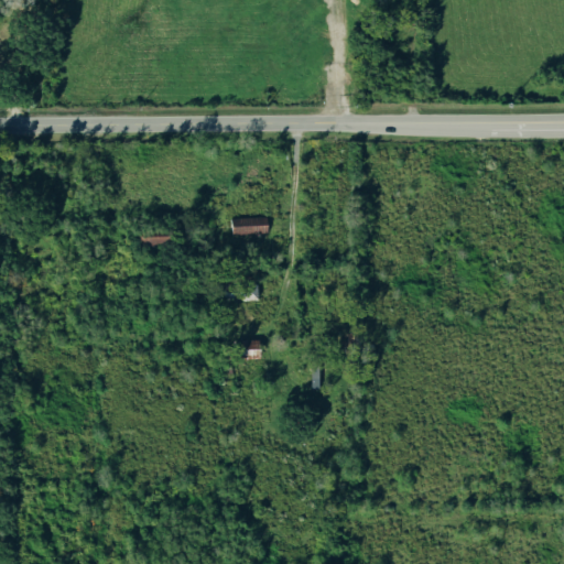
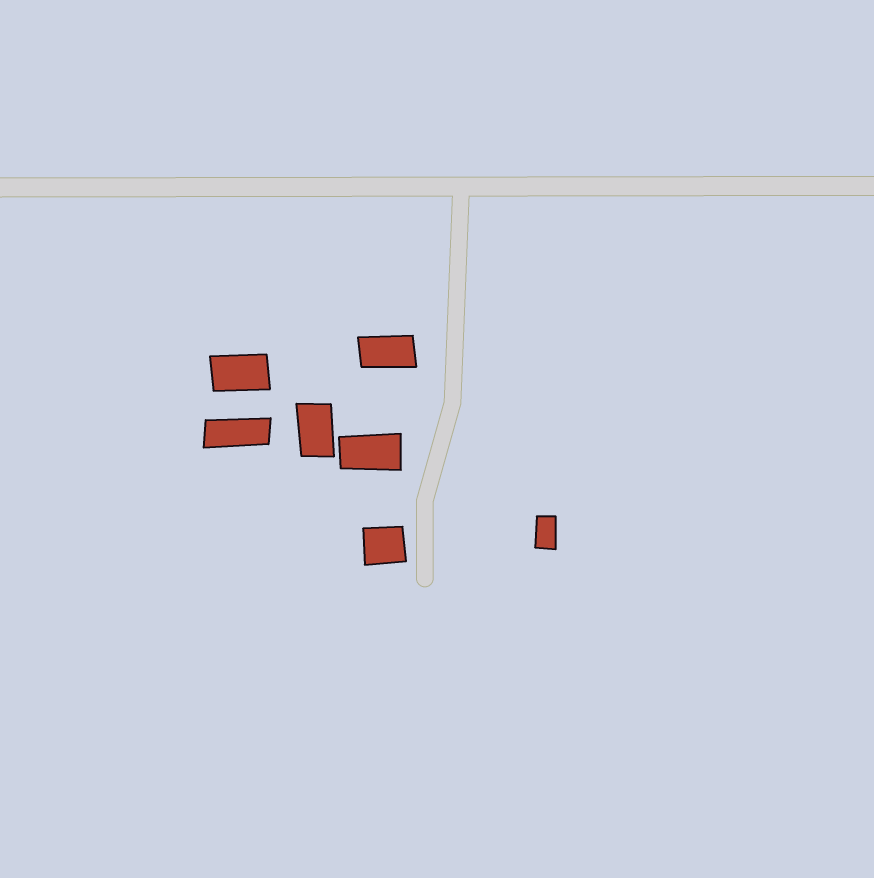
building: none -> [297,404,334,457]
building: none -> [204,418,271,448]

